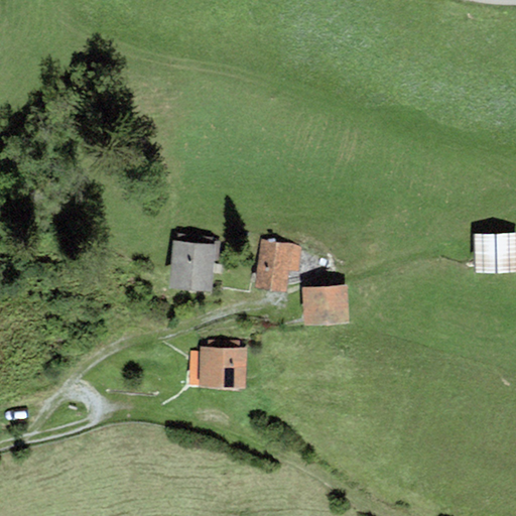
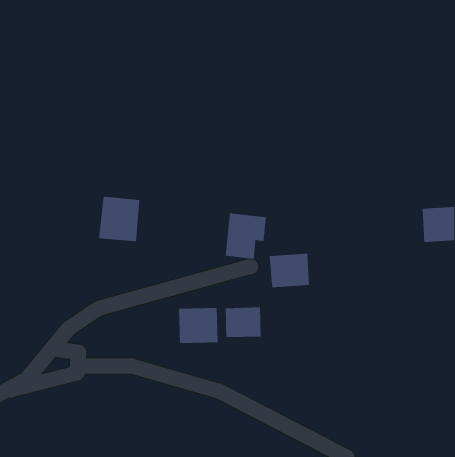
building: [168,240,216,291] -> [98,196,140,242]
building: none -> [225,307,261,338]

